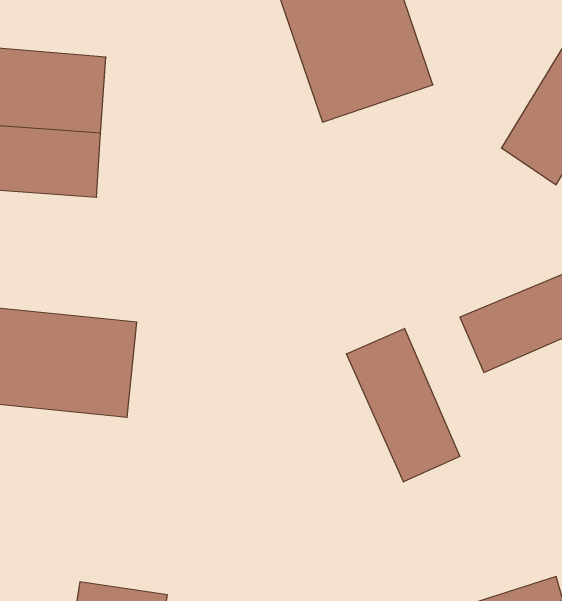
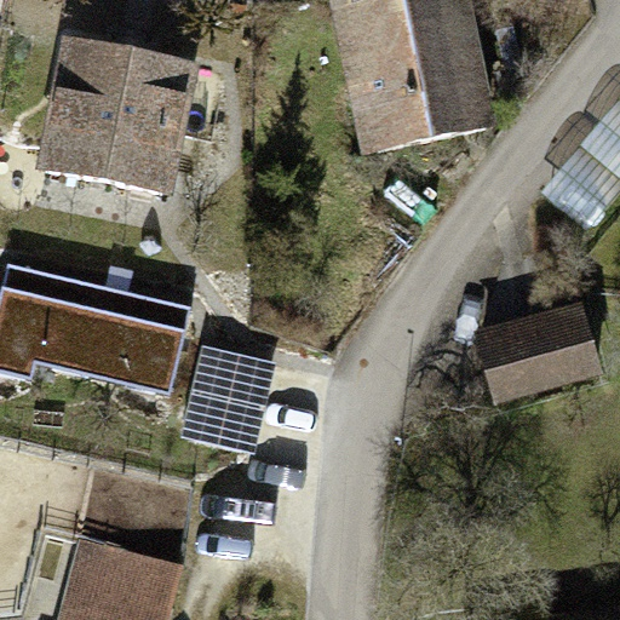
building: [346,328,460,482] -> none
building: none -> [180,343,276,452]

